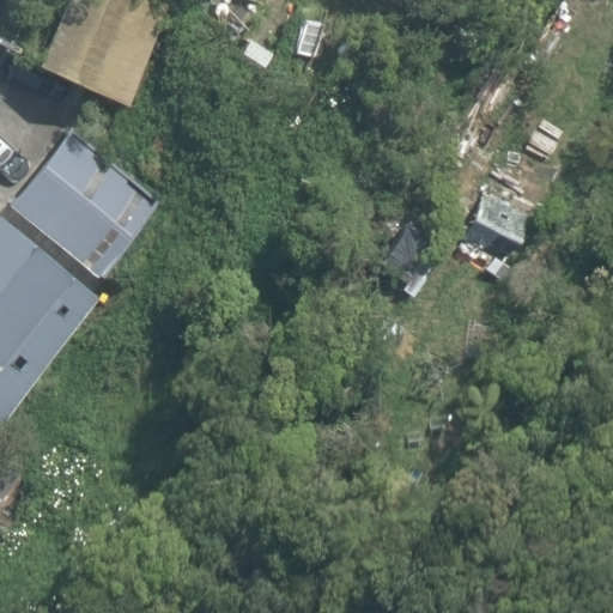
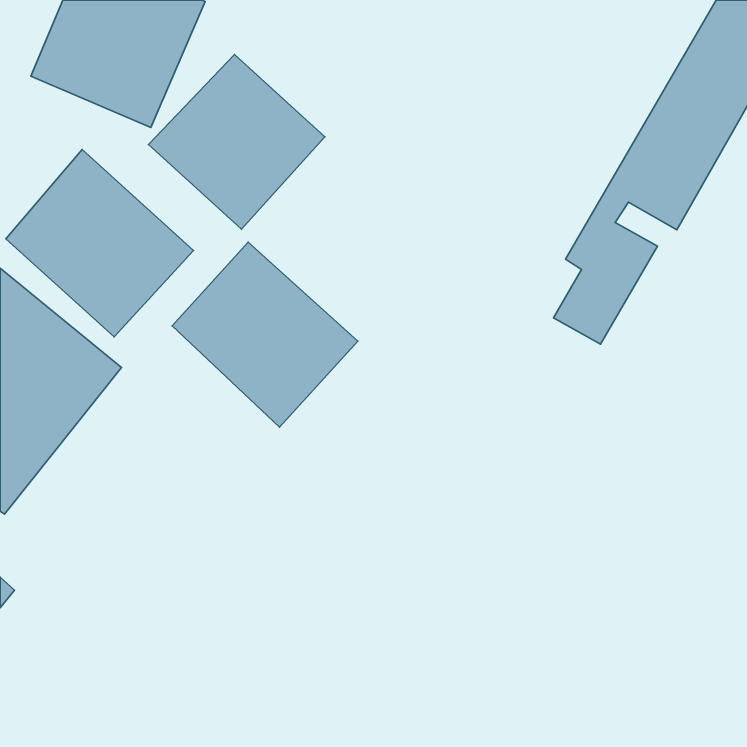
building: none -> [148,54,325,229]
building: none -> [172,242,358,427]

